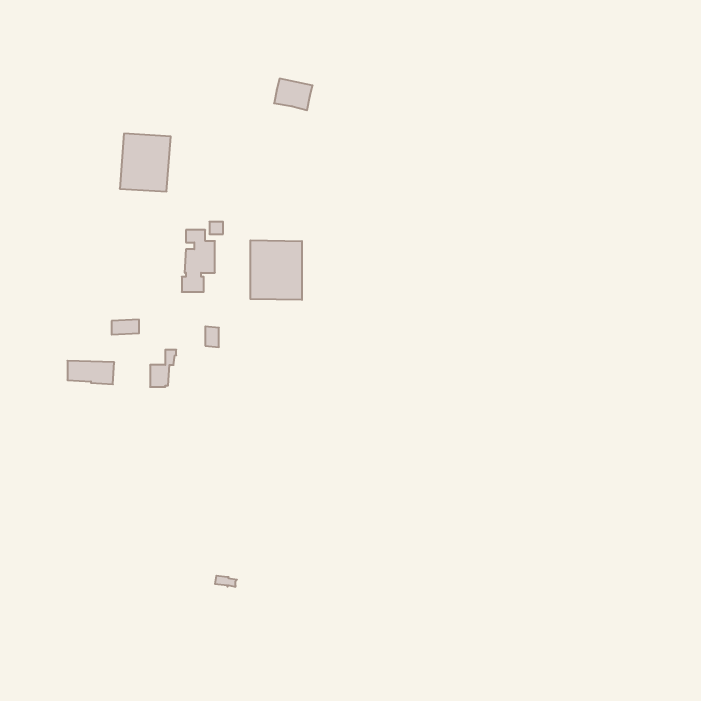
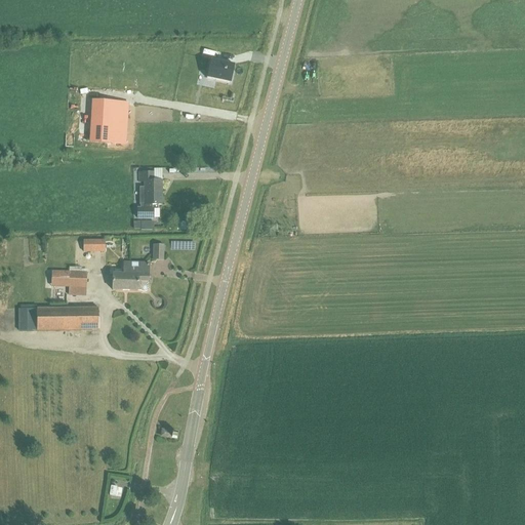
building: [250,240,302,300] -> none
building: none -> [125,260,149,290]
building: none -> [17,307,98,329]

